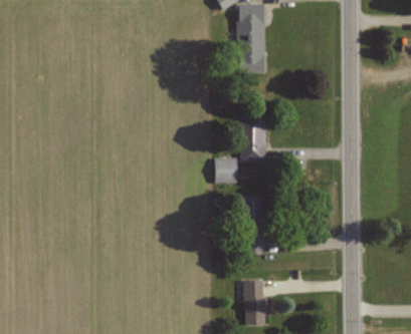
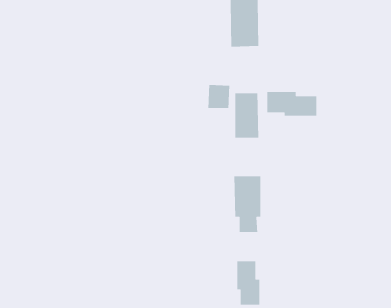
building: none -> [267,91,317,116]
building: [215,158,237,183] -> [208,84,230,109]

